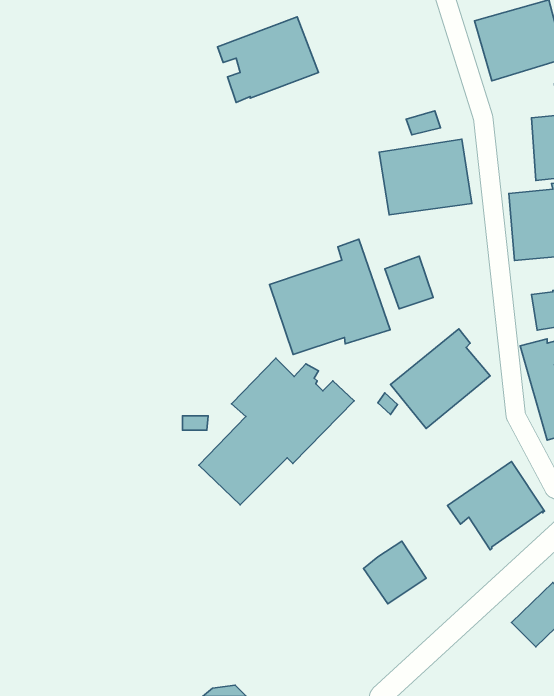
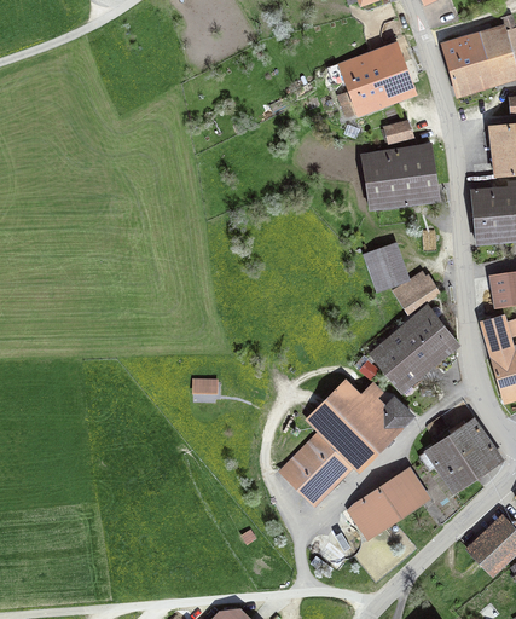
building: [217,17,319,102] -> [330,44,416,116]
building: [269,239,390,354] -> none
building: none -> [399,277,440,312]
building: [199,358,354,505] -> [280,378,412,503]
building: none -> [381,467,428,516]

